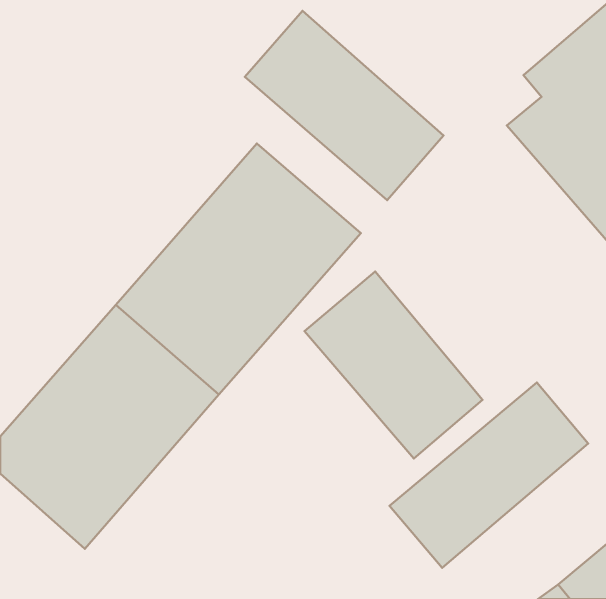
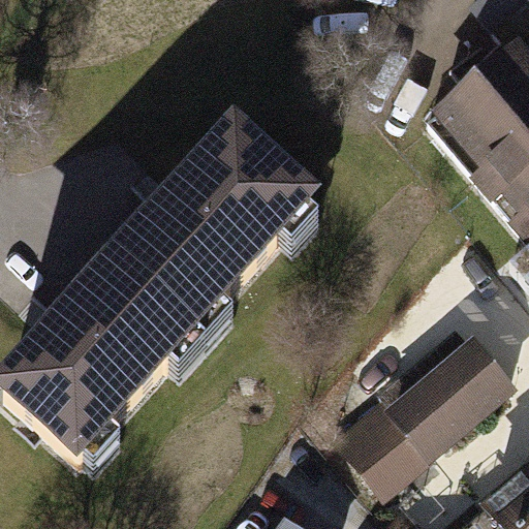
building: [245,11,444,200] -> none
building: [305,272,483,458] -> none

